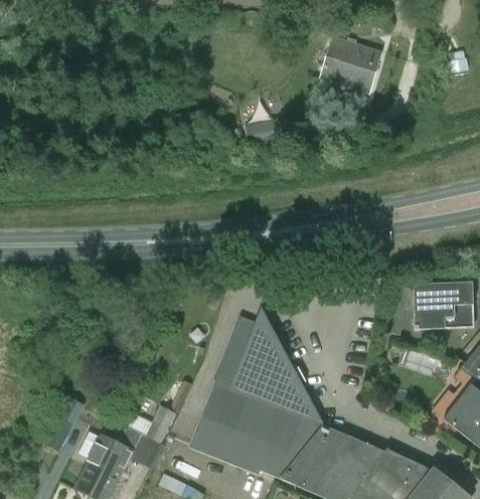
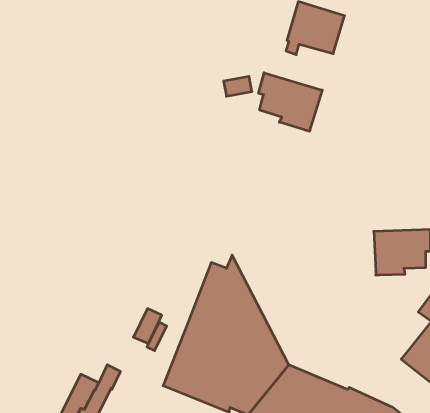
building: none -> [259,73,322,131]
building: [146,405,176,443] -> [133,309,162,344]
building: [46,415,75,451] -> none

